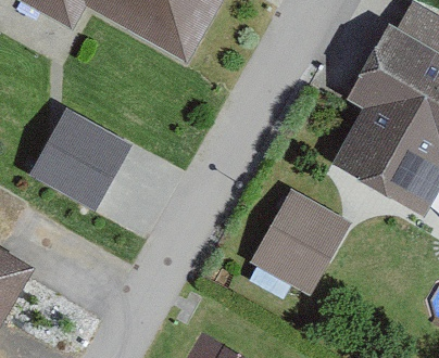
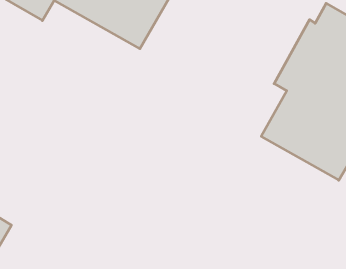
building: [39,92,143,196] -> none
building: [249,189,348,294] -> none

